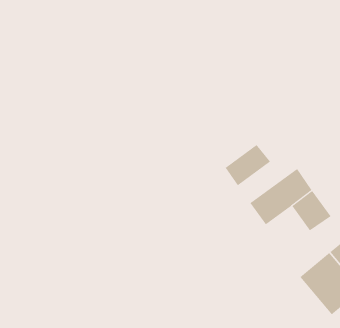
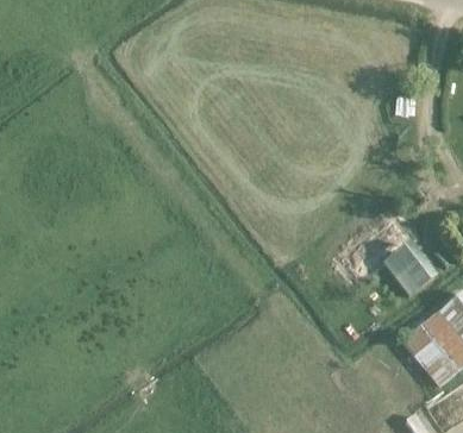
building: [225,144,271,186] -> none

